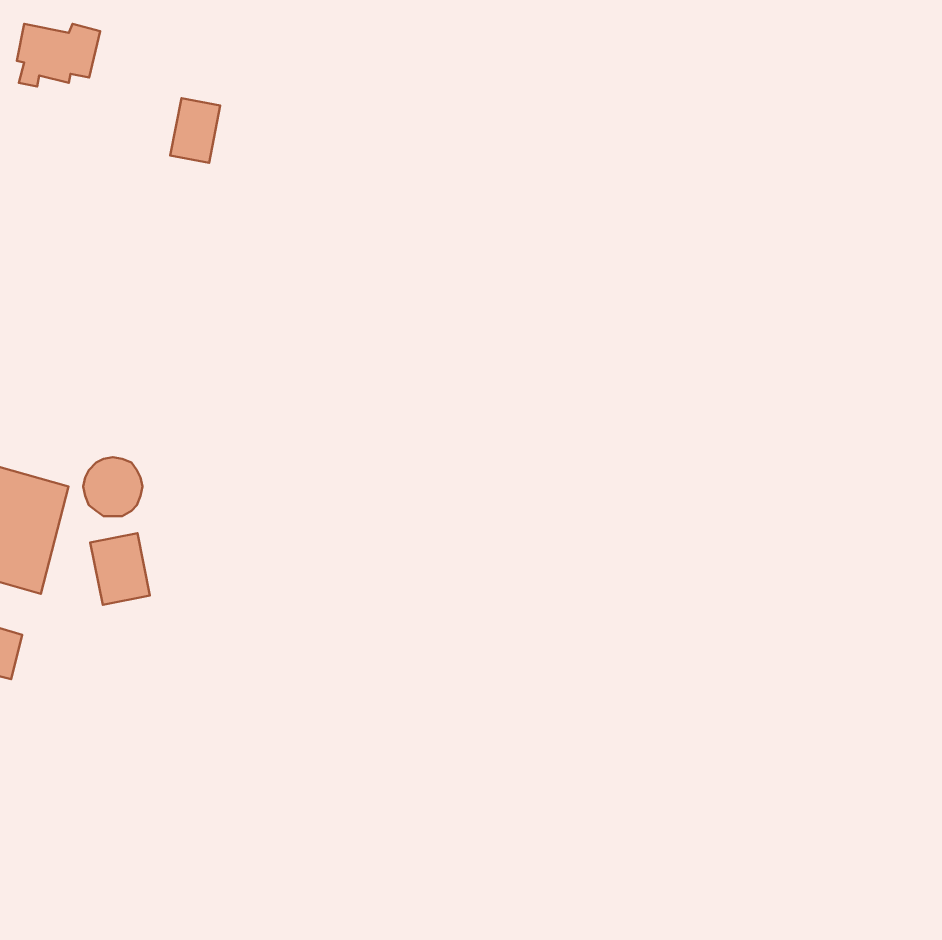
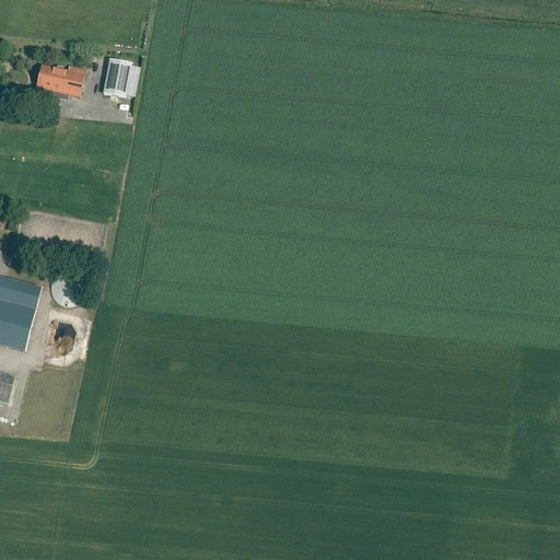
building: [17,24,100,87] -> [35,65,84,102]
building: [90,533,150,605] -> none

